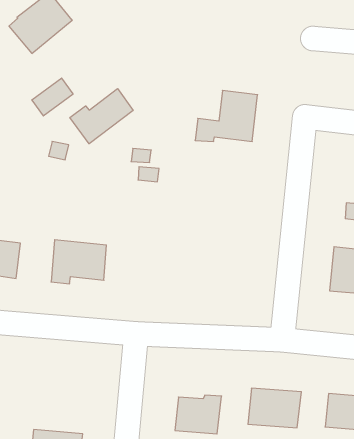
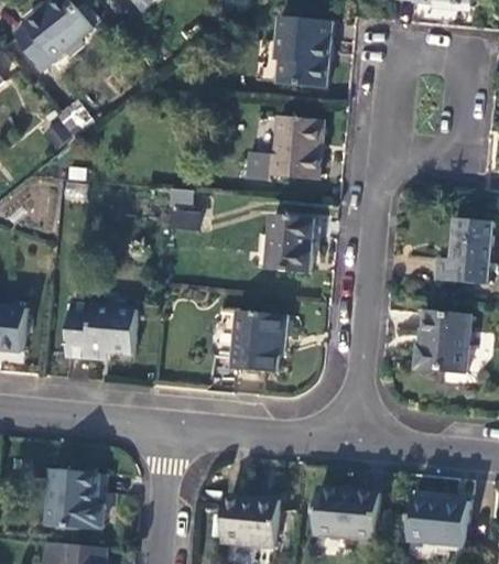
building: none -> [278,17,330,88]
building: [70,89,133,144] -> none
building: none -> [267,215,313,273]
building: none -> [229,311,285,372]
building: none -> [48,468,105,530]

